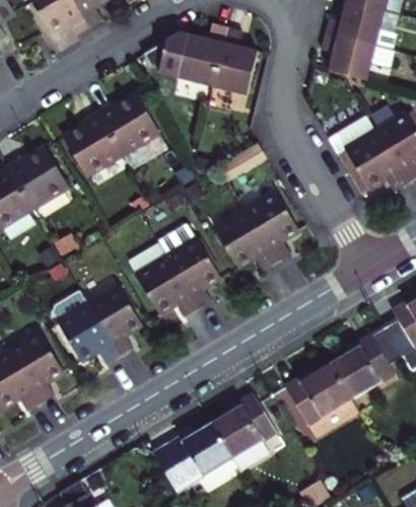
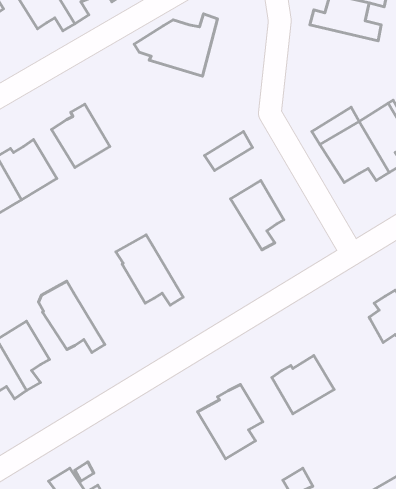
building: [216,27,262,95] -> none
building: [321,33,395,82] -> none
building: [97,94,159,156] -> none
building: [214,209,276,270] -> none
building: [159,228,220,308] -> none
building: [86,286,141,356] -> none
building: [329,331,403,402] -> none
building: [152,424,232,493] -> none

